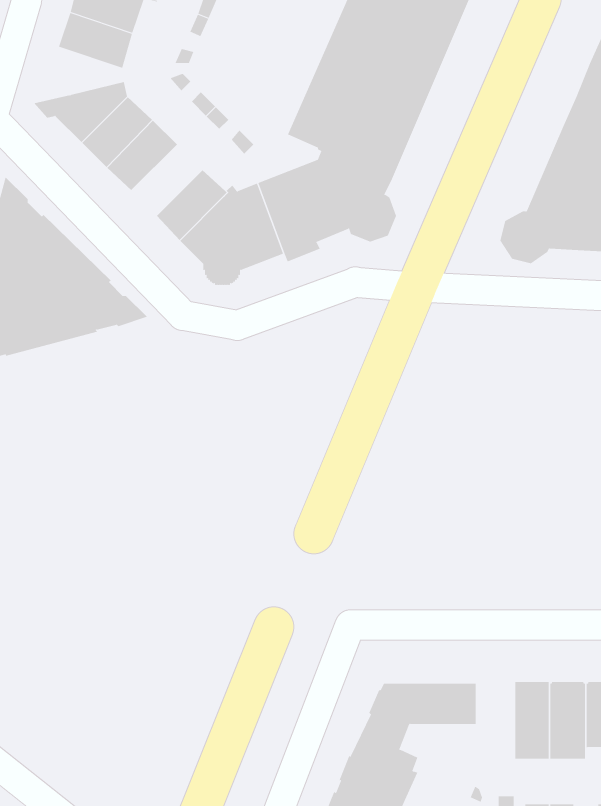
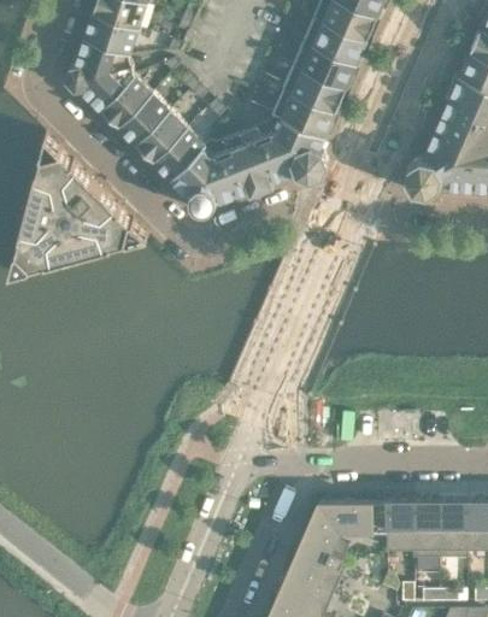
building: none -> [64,40,130,81]
building: none -> [135,111,187,163]
building: none -> [386,501,413,558]

